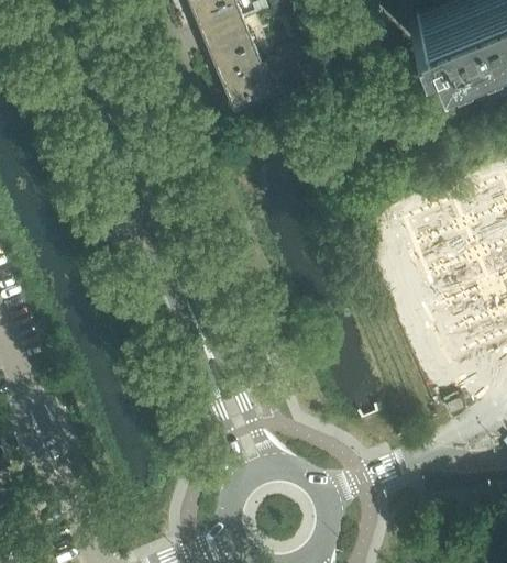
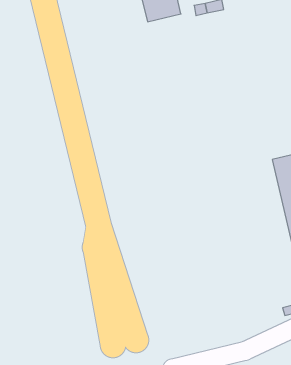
building: [222,66,274,110] -> none

